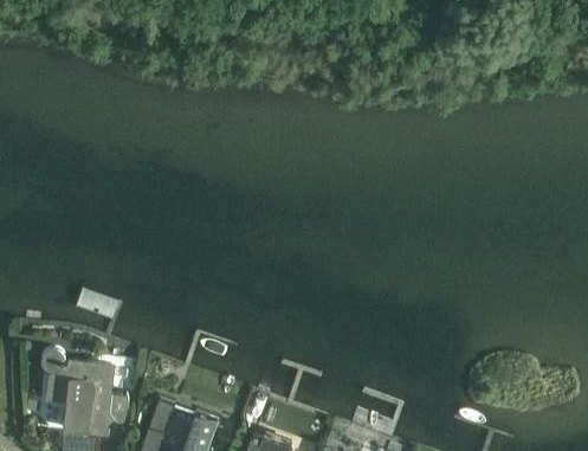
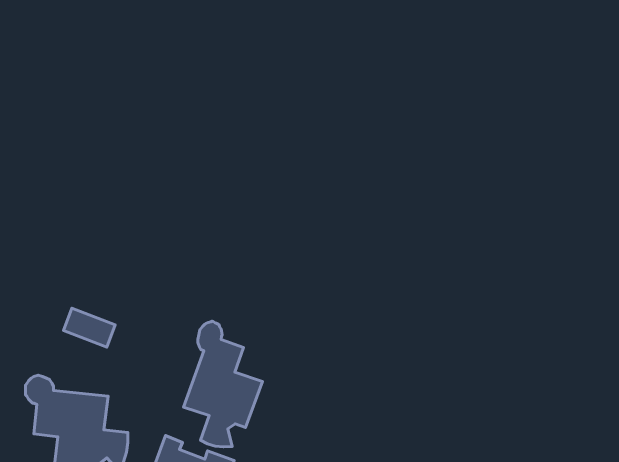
building: none -> [183,321,263,447]

